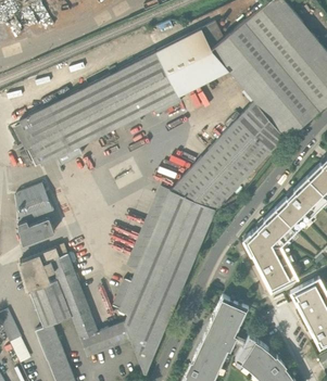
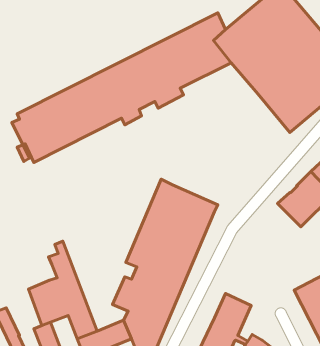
building: [171,101,286,209] -> none
building: [15,183,54,245] -> none
building: [242,208,298,294] -> none
building: [18,249,59,292] -> none

